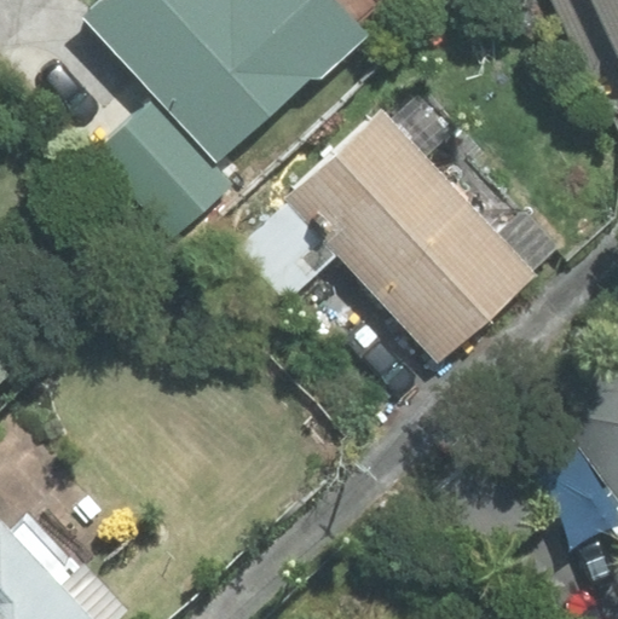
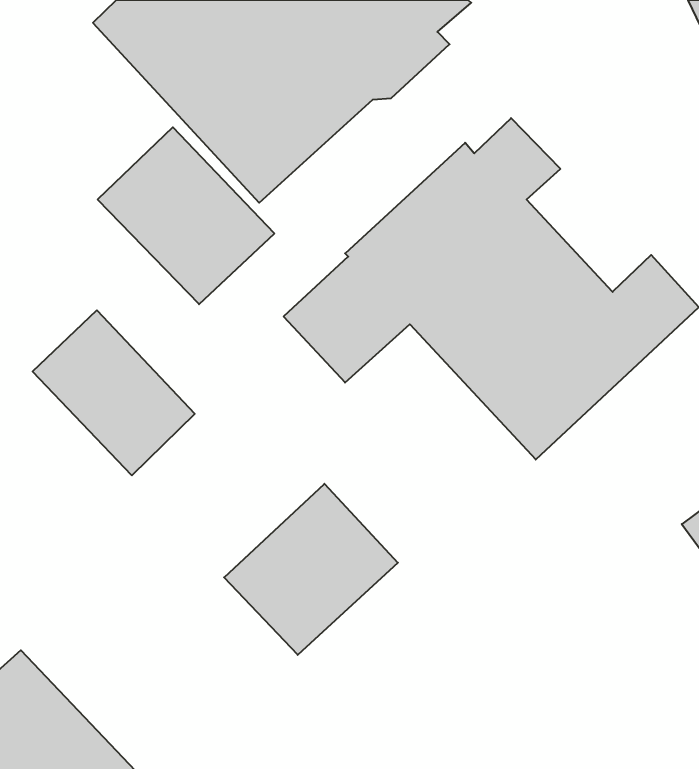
building: none -> [33,310,195,475]
building: none -> [224,484,398,655]

